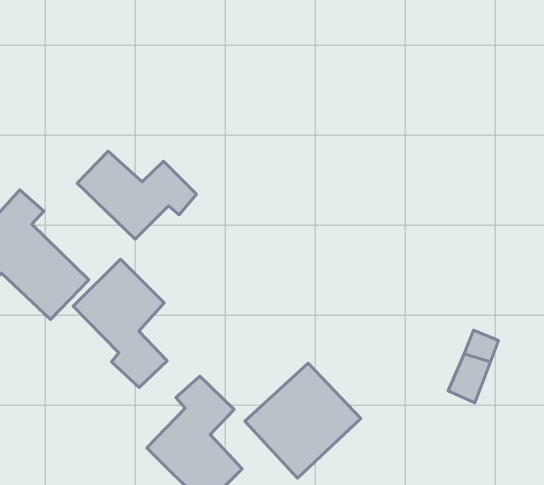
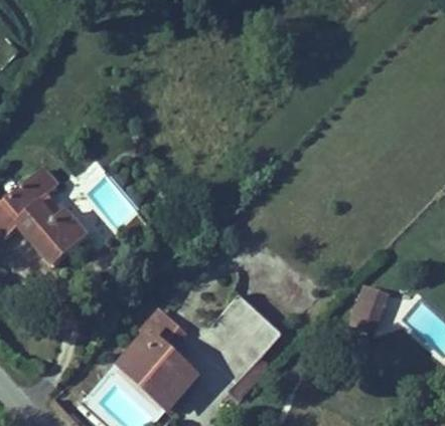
building: [77,151,197,239] -> none
building: [73,259,167,387] -> none

